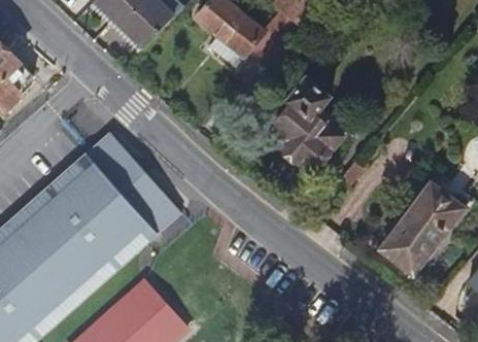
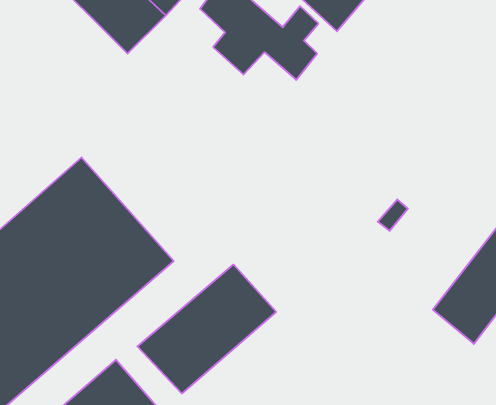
building: [276,74,348,169] -> none
building: none -> [137,265,276,393]

